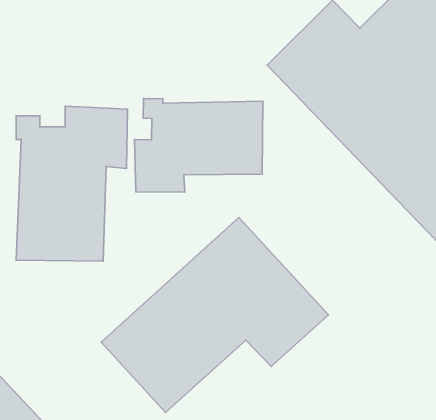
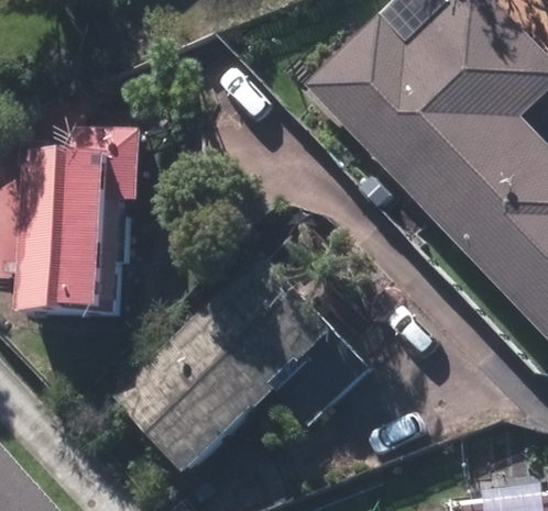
building: [134,99,263,192] -> none

